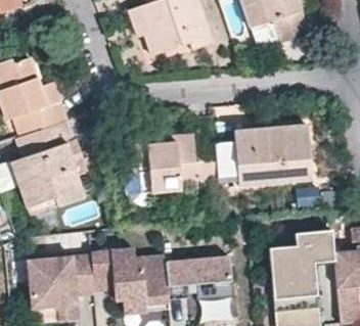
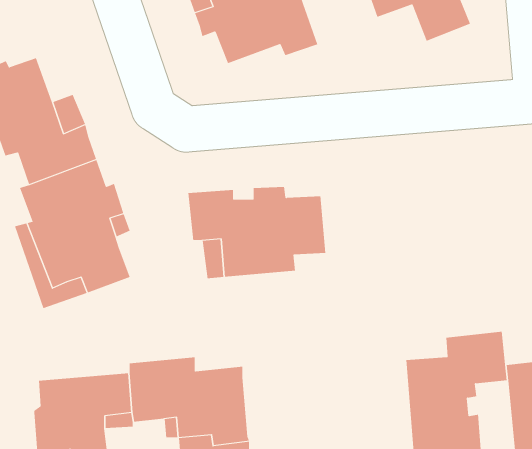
building: [215,126,309,187] -> none
building: [165,252,232,296] -> none

